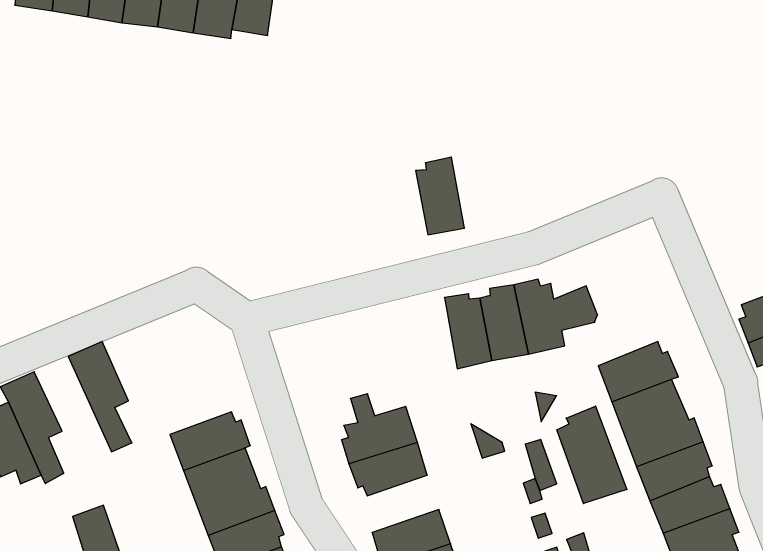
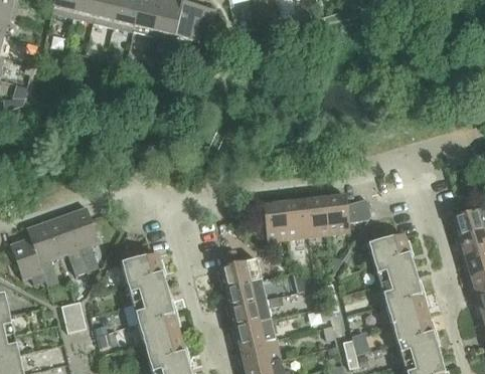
building: [416,157,464,235] -> [263,197,288,240]
building: none -> [46,213,87,273]
building: [557,406,627,504] -> none
building: none -> [227,298,271,328]

